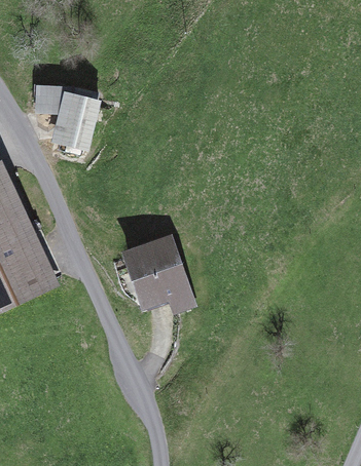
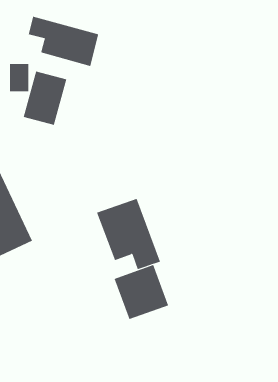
building: none -> [28,16,99,67]
building: none -> [114,264,169,320]

